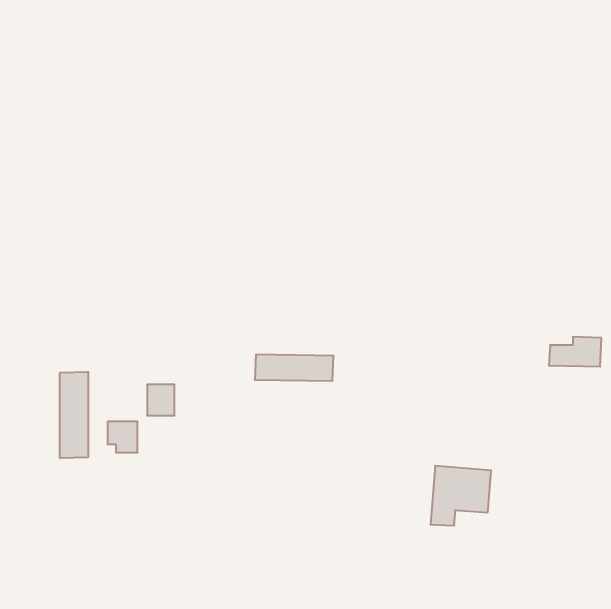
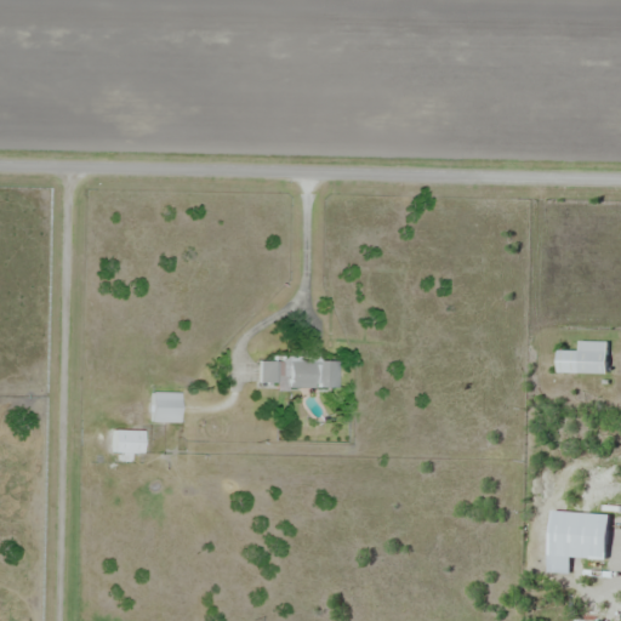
building: [60,372,88,458] -> none
building: [430,466,491,526] -> [548,511,610,571]

